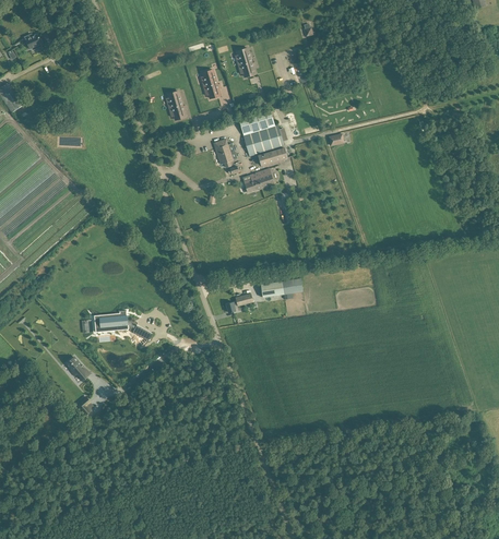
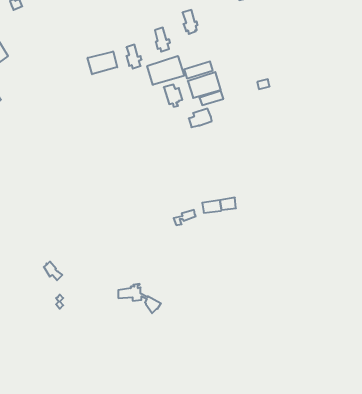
building: none -> [88,51,117,74]
building: none -> [147,56,184,85]
building: [99,309,152,345] -> [118,284,161,313]

